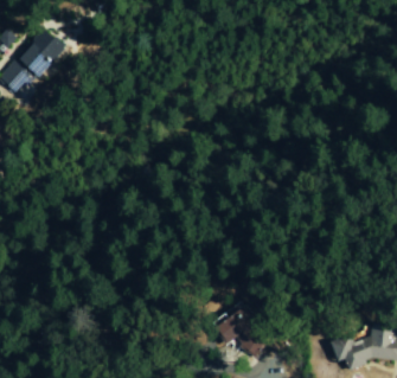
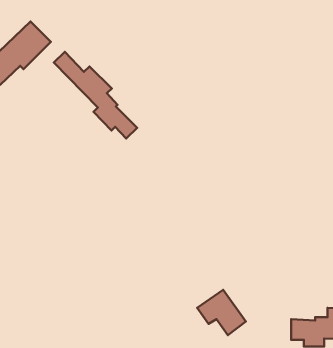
building: none -> [54,52,137,138]

